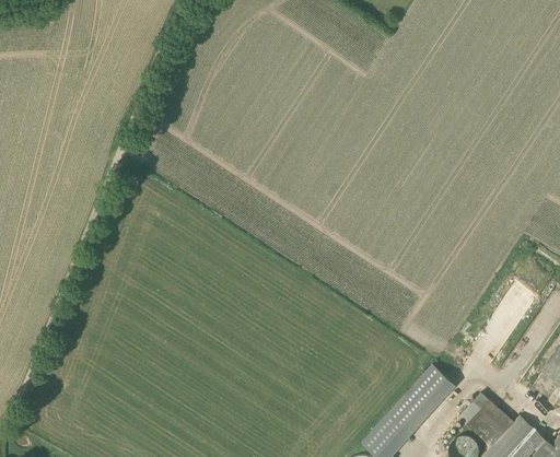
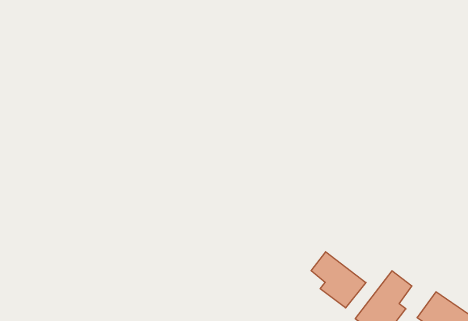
building: none -> [311,252,366,308]

